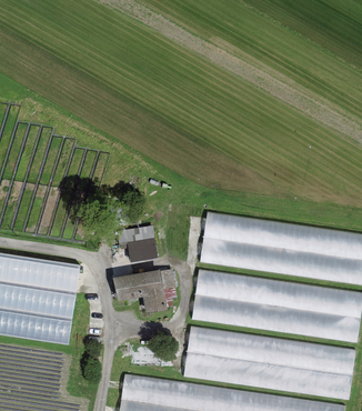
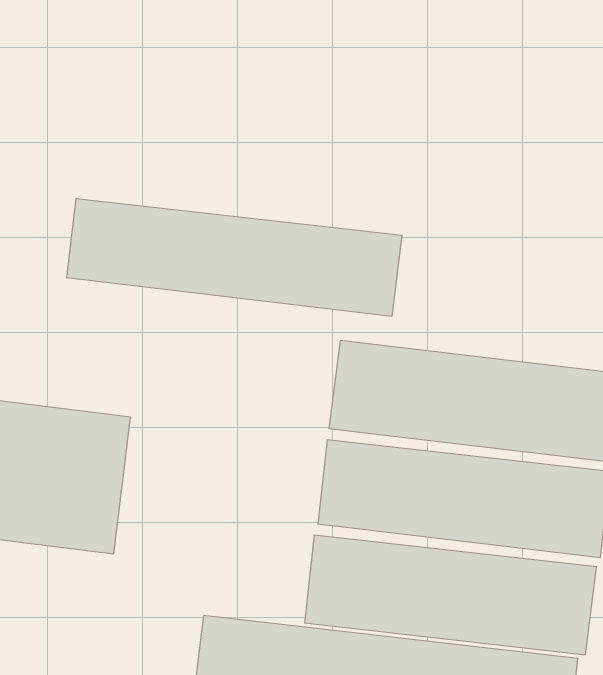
building: none -> [67,198,402,316]
building: [117,225,157,262] -> none
building: [111,270,167,314] -> none

